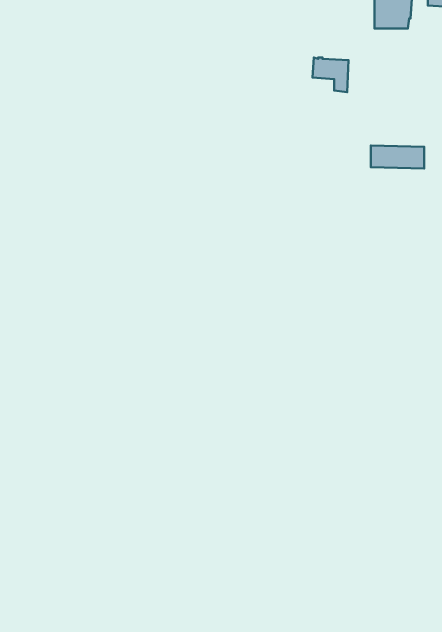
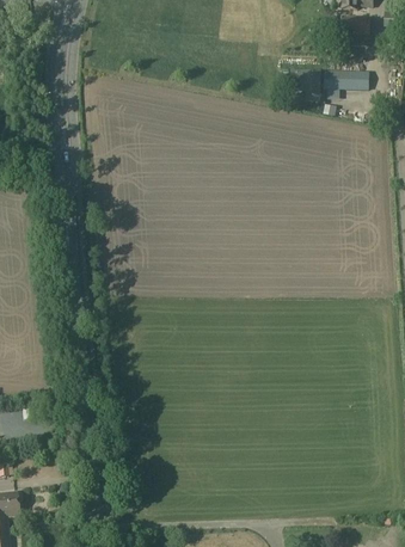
building: [371,145,424,169] -> [325,68,369,87]

